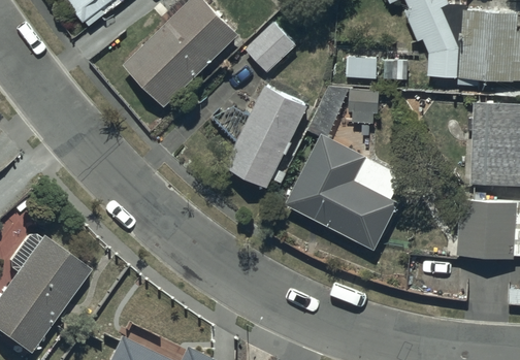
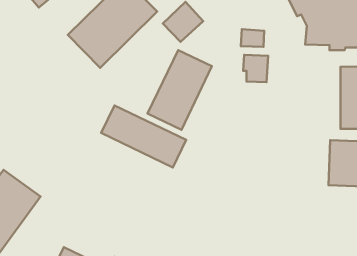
building: [286,132,407,251] -> none
building: none -> [101,105,186,167]

